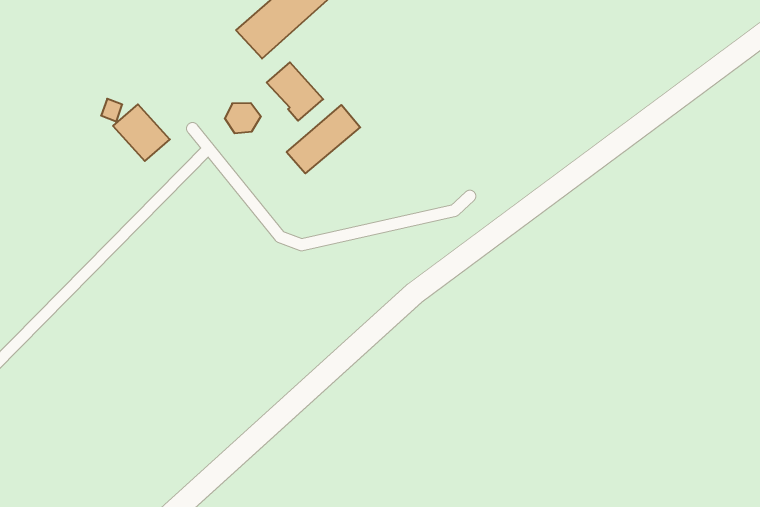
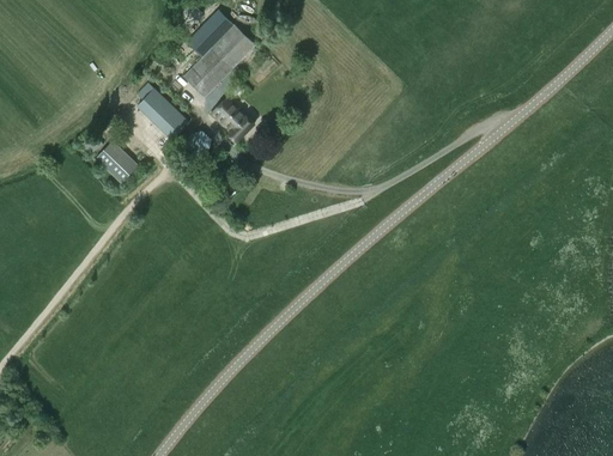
building: none -> [135,87,187,138]
building: [287,105,360,173] -> none

